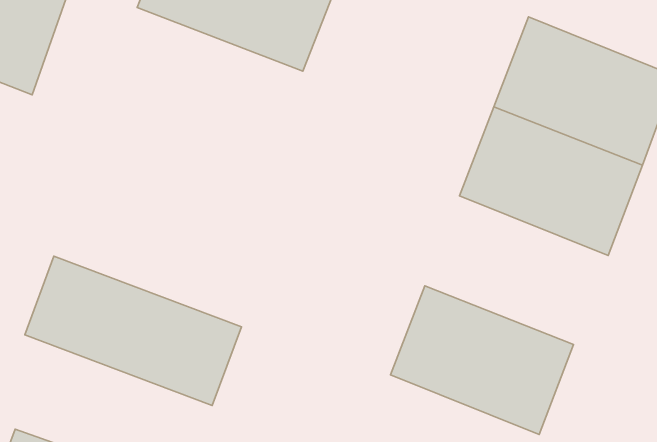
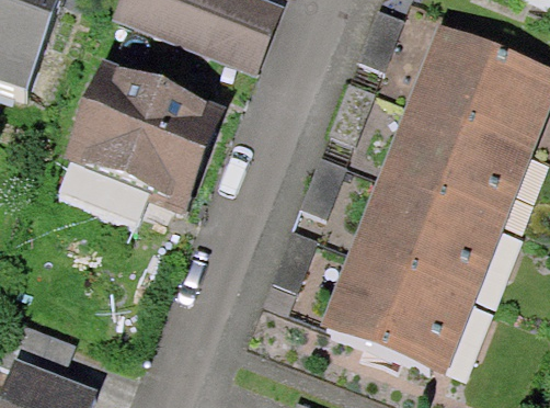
building: none -> [70,76,221,211]
building: none -> [353,173,504,296]
building: [25,256,241,405] -> none

